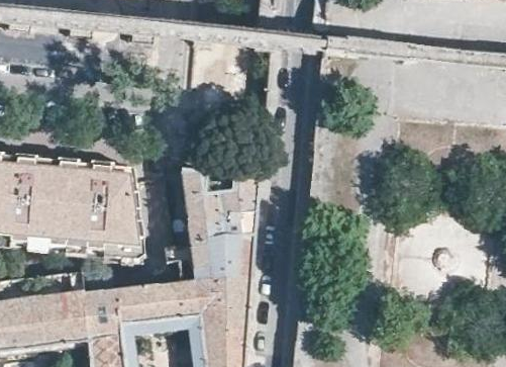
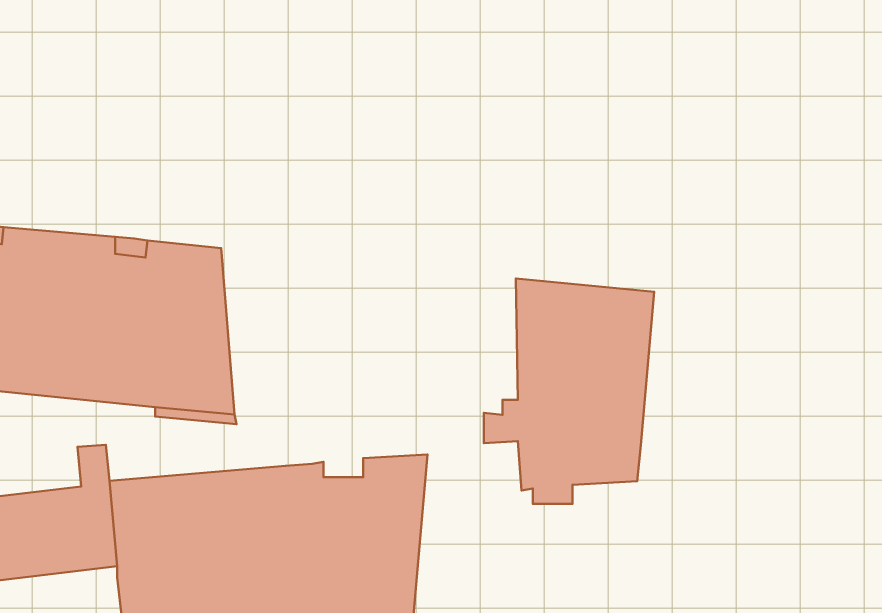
building: [166,172,257,292] -> [484,279,654,504]

